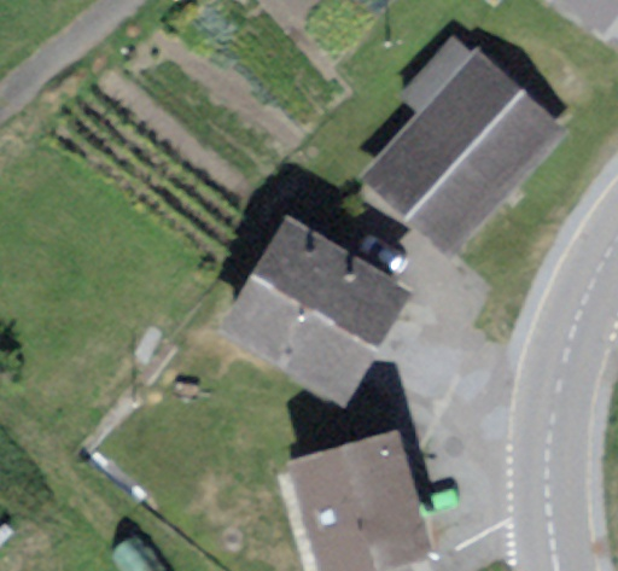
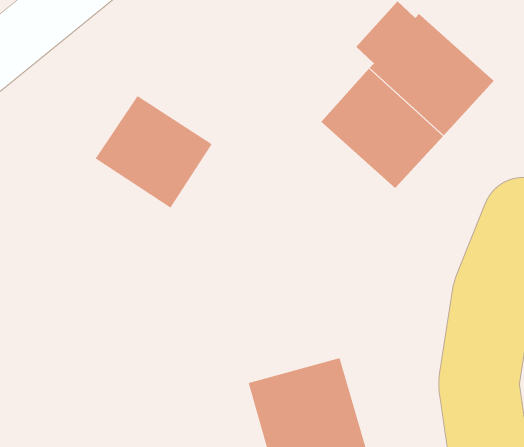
building: none -> [95,95,213,209]
building: [222,220,410,398] -> none

